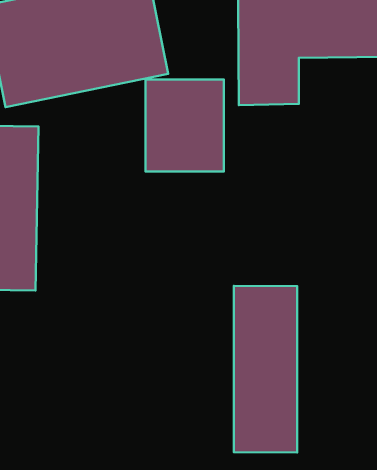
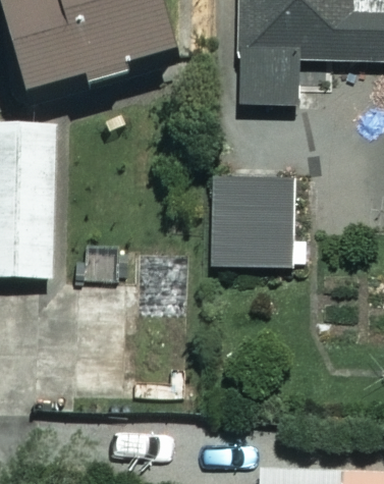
building: [145,79,224,172] -> [217,176,291,264]
building: [234,286,297,453] -> none

